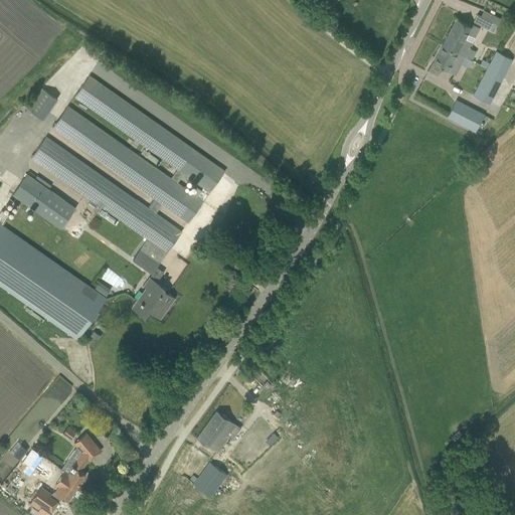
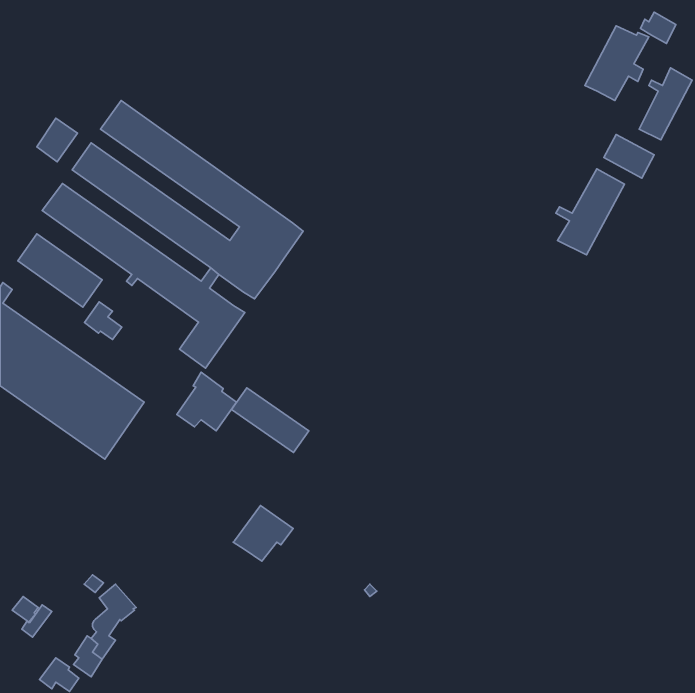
building: none -> [556,169,625,255]
building: none -> [84,302,122,340]
building: none -> [231,388,309,453]
building: [196,411,240,453] -> [233,506,293,561]
building: [193,463,227,499] -> none

